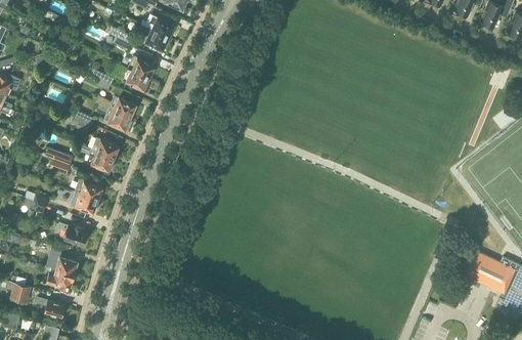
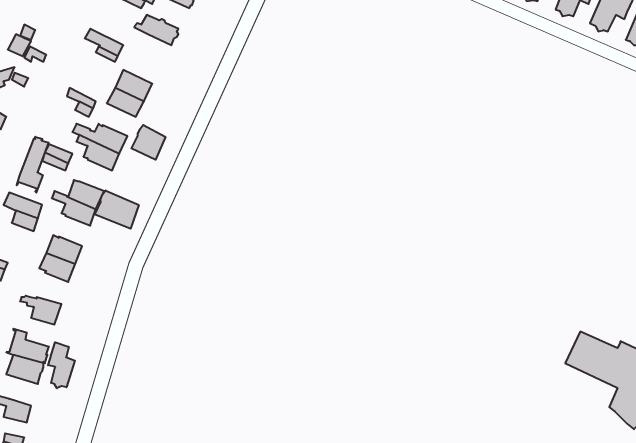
building: [139,24,169,49] -> none
building: none -> [131,125,165,160]
building: none -> [17,137,49,193]
building: none -> [95,190,139,229]
building: none -> [48,342,75,388]

